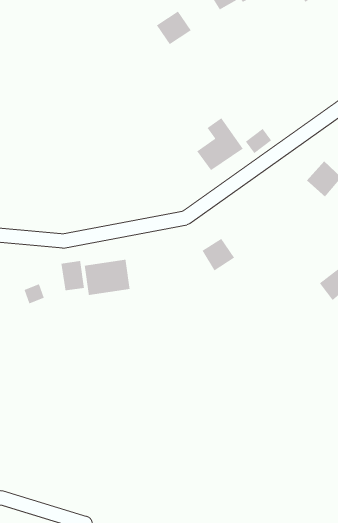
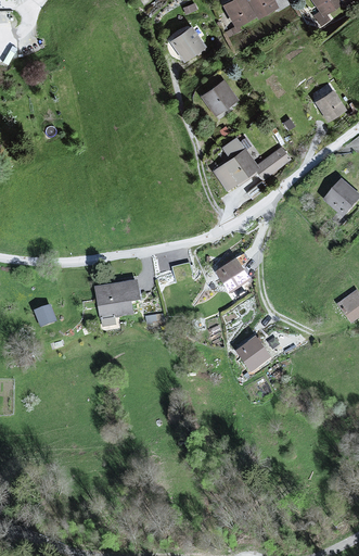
building: none -> [200,79,239,116]
building: none -> [315,89,346,121]
building: [61,260,85,291] -> none
building: none -> [238,338,273,374]

